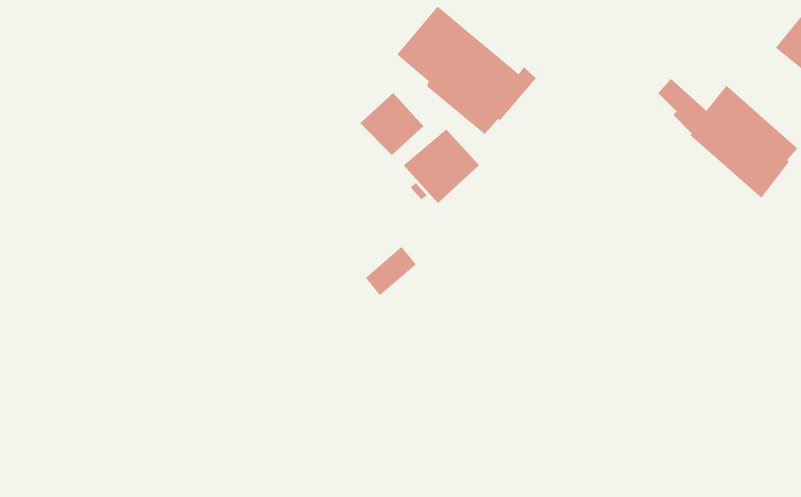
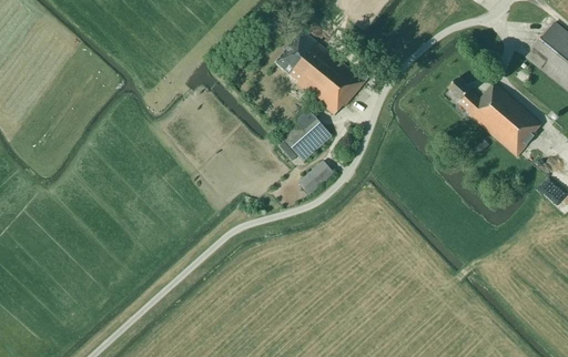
building: [359,92,424,156] -> none
building: [365,246,417,296] -> [300,160,334,193]

